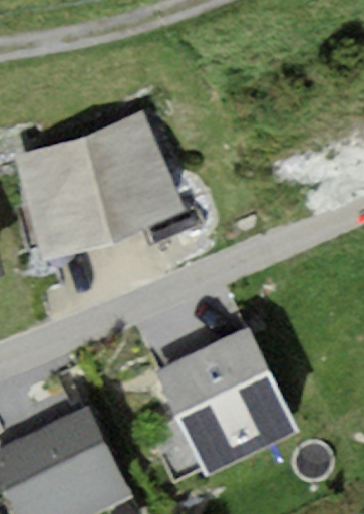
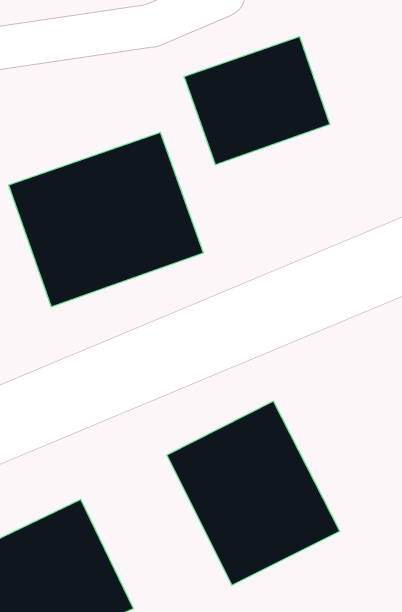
building: none -> [184,37,330,165]

